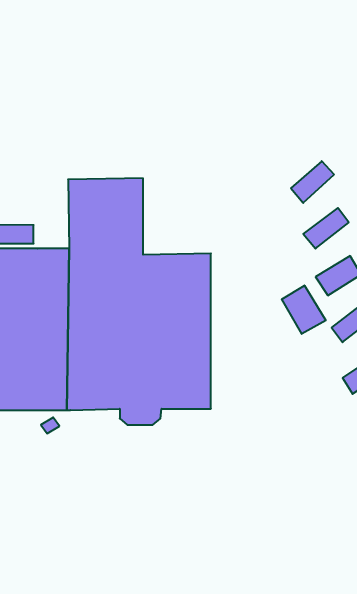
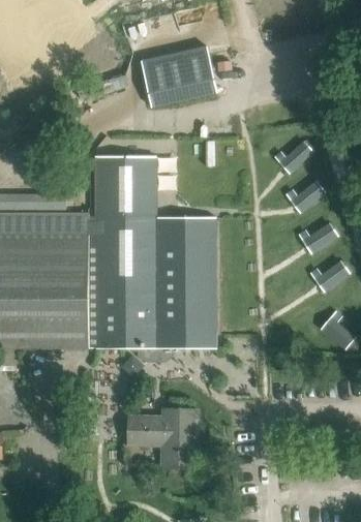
building: none -> [142,44,215,105]
building: [282,285,326,334] -> none
building: none -> [127,409,195,467]

